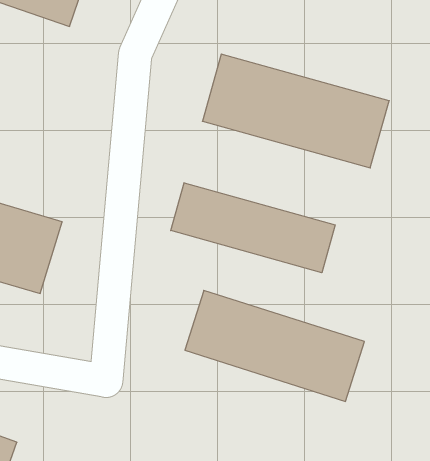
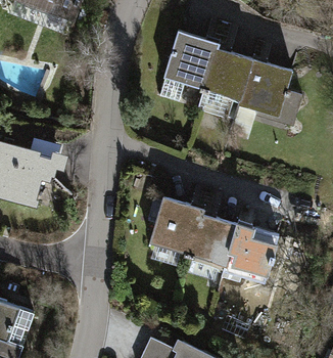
building: [171,183,335,273] -> none

